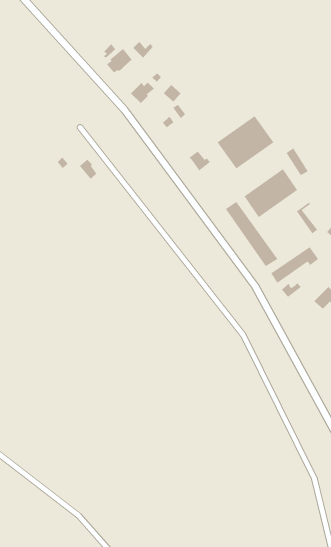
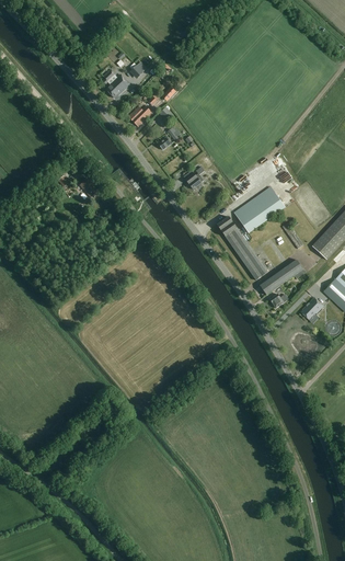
building: [216,115,275,170] -> none

